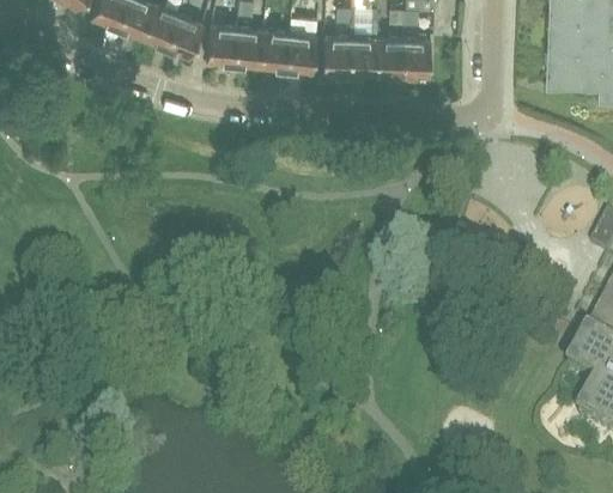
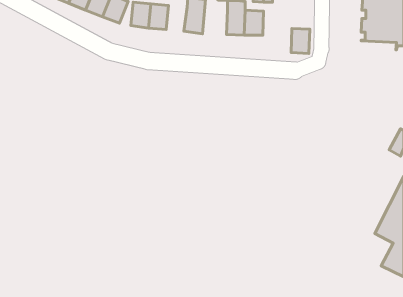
building: [259,28,290,66] -> none
building: [322,34,350,71] -> none
building: [402,36,430,73] -> [291,28,310,53]

